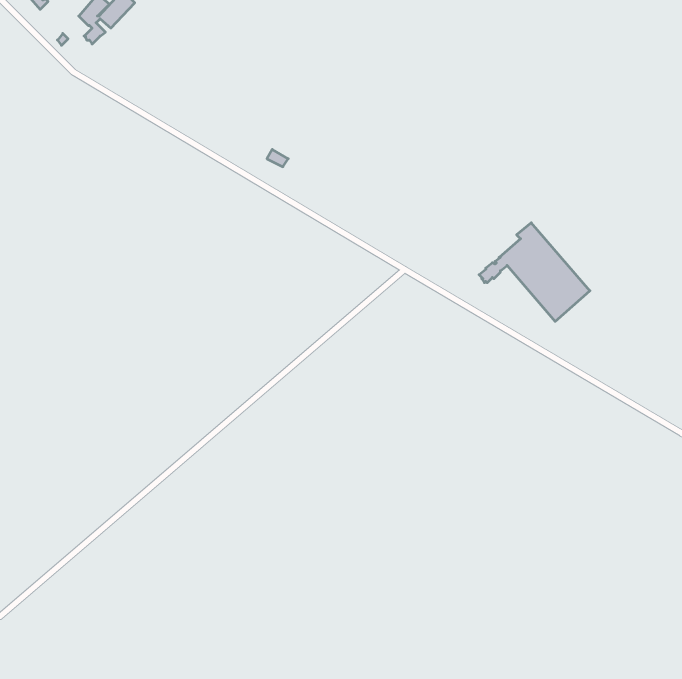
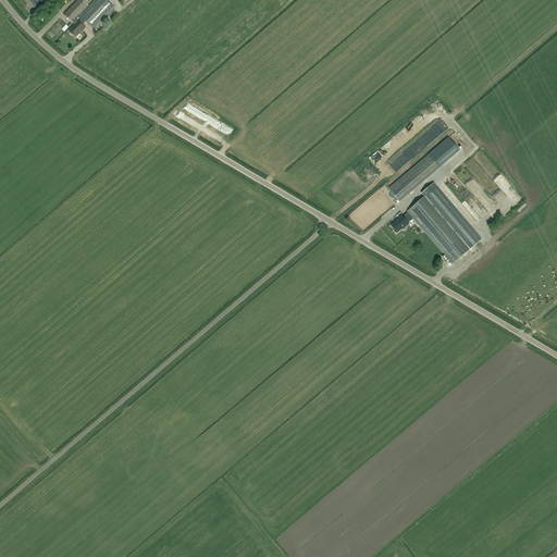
building: none -> [388,136,459,199]

